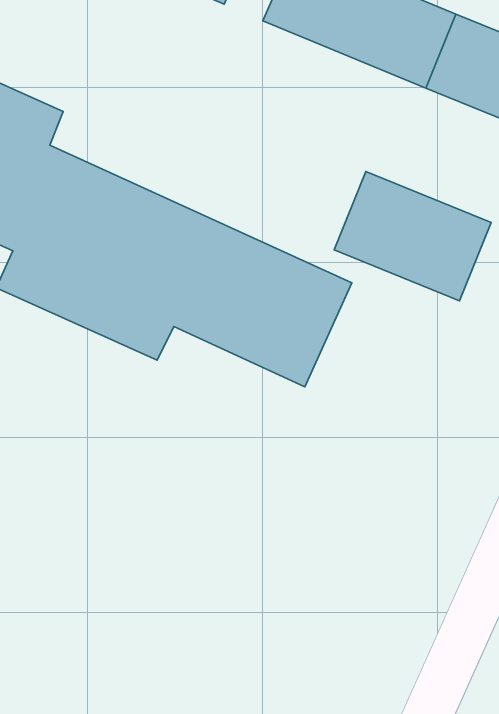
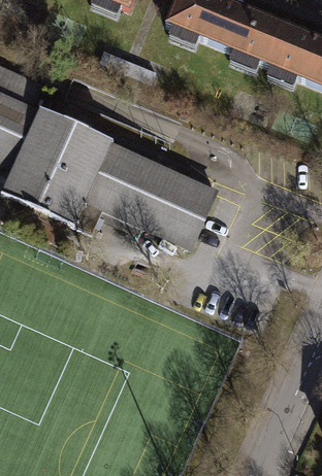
building: [334,172,491,301] -> none

